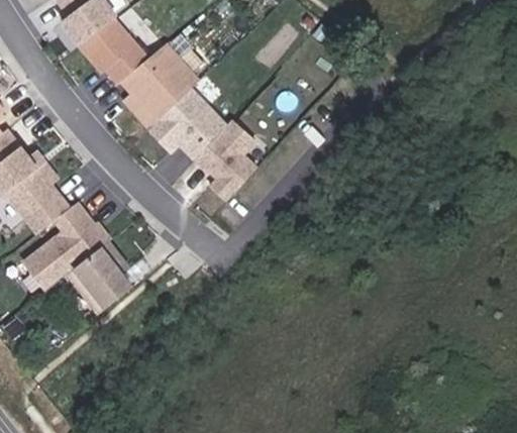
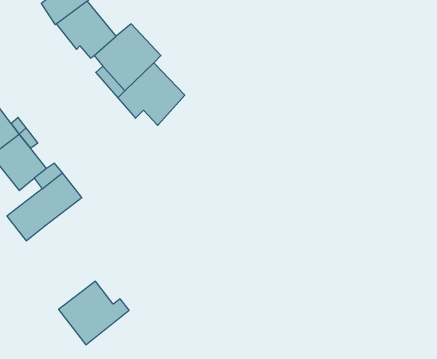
building: [195,117,256,198] -> none
building: [65,240,145,313] -> [59,281,129,345]

